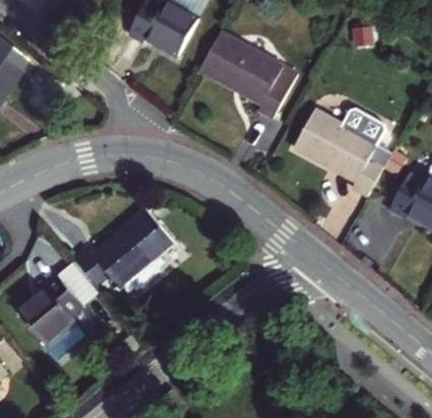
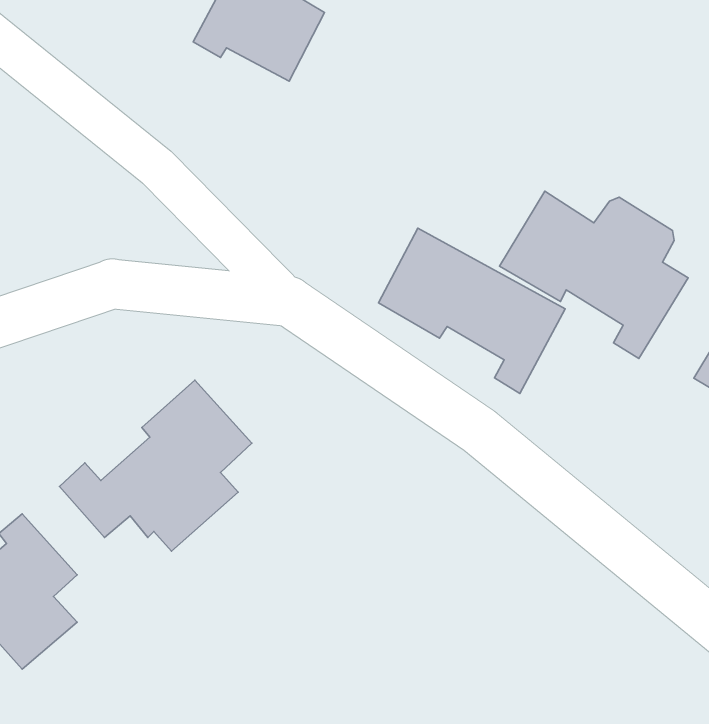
building: [199,31,296,117] -> [379,228,565,393]
building: [46,261,92,308] -> none

